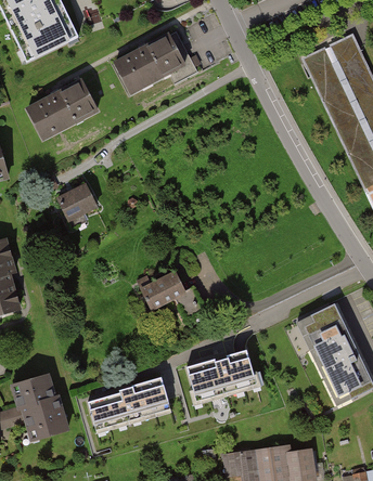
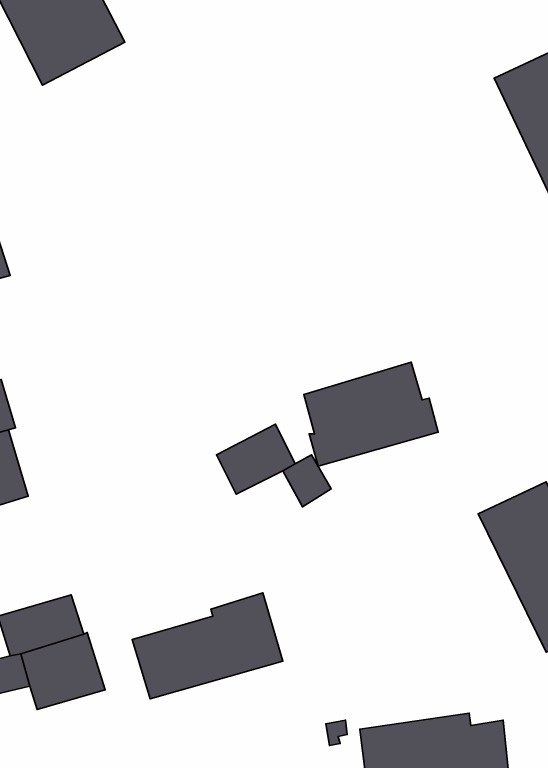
building: [116,34,183,92] -> none
building: [30,81,97,136] -> none
building: [55,184,95,221] -> none
building: [183,341,265,404] -> [304,362,438,466]

